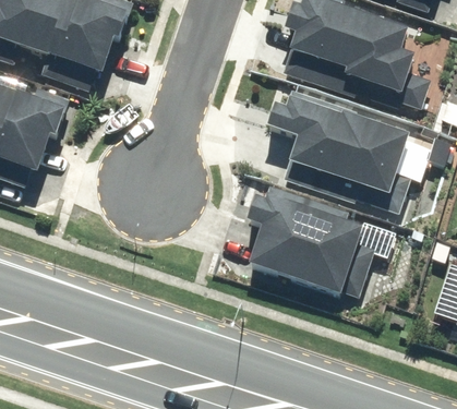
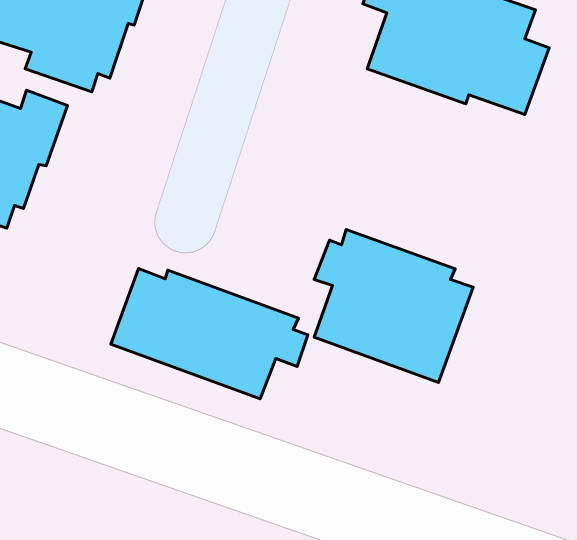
building: [266,85,430,203] -> none
building: none -> [111,269,308,399]

